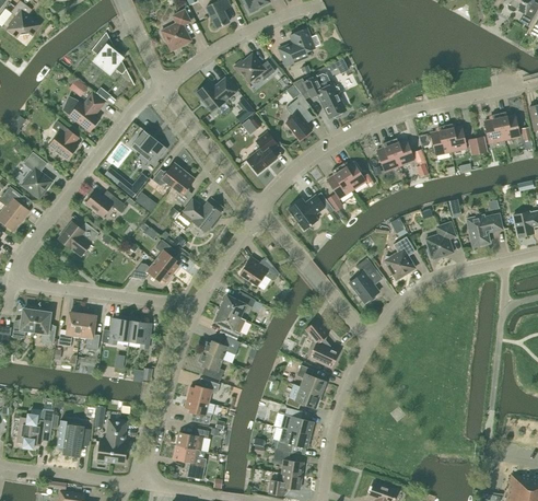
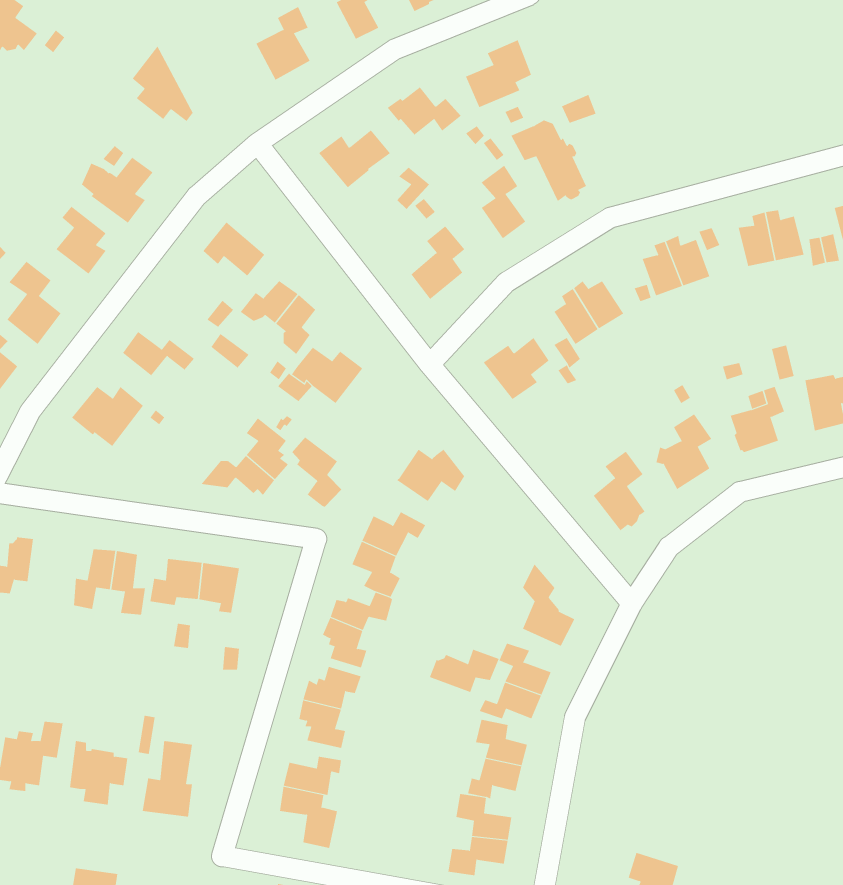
building: none -> [292,437,342,507]
building: [34,306,56,343] -> none
building: none -> [429,649,499,693]

